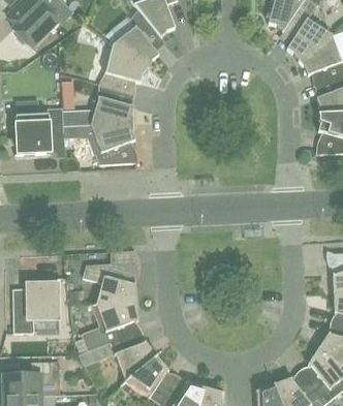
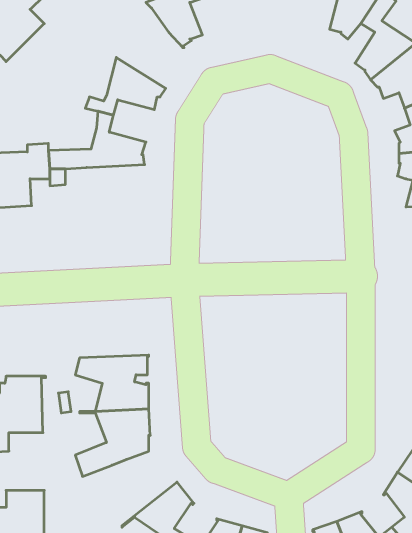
building: [112,8,158,67] -> none
building: [87,123,134,164] -> none
building: [108,339,156,387] -> none

